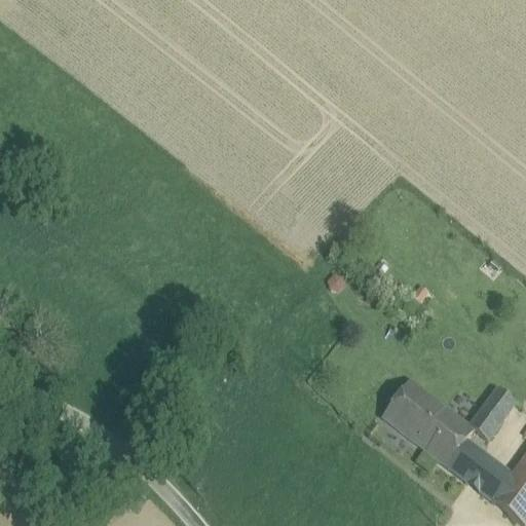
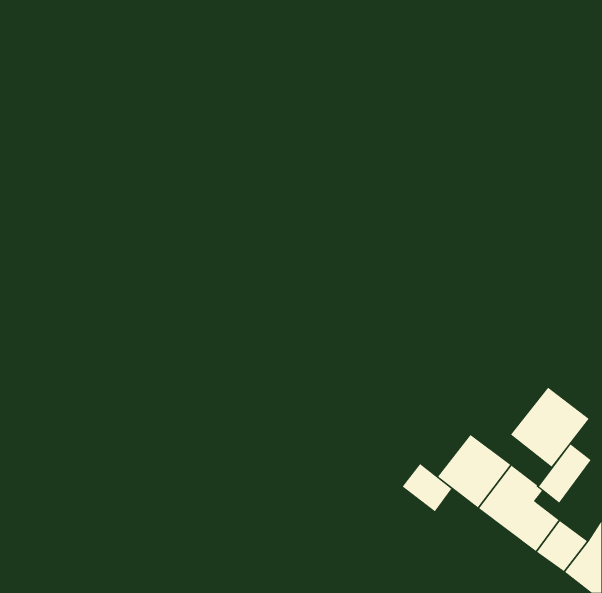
building: none -> [510,387,590,468]
building: none -> [402,463,452,512]

